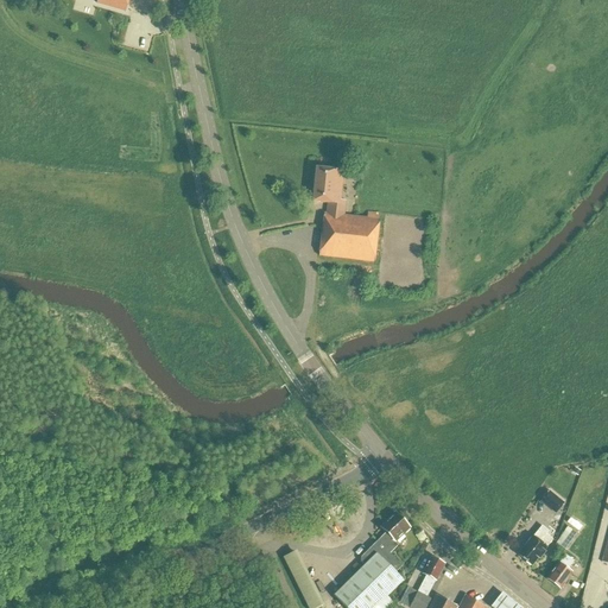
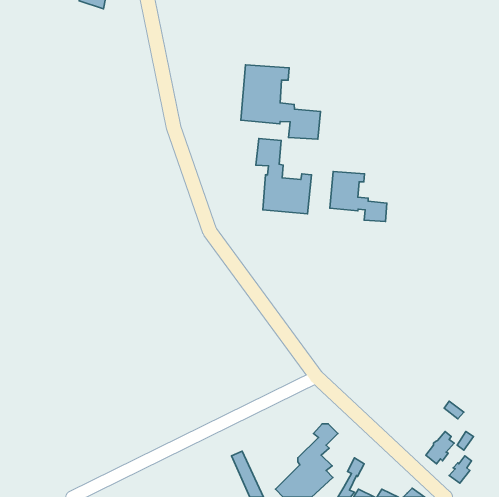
building: none -> [241,65,320,139]
building: none -> [330,171,387,221]

